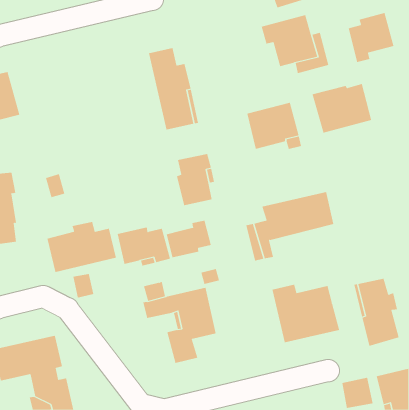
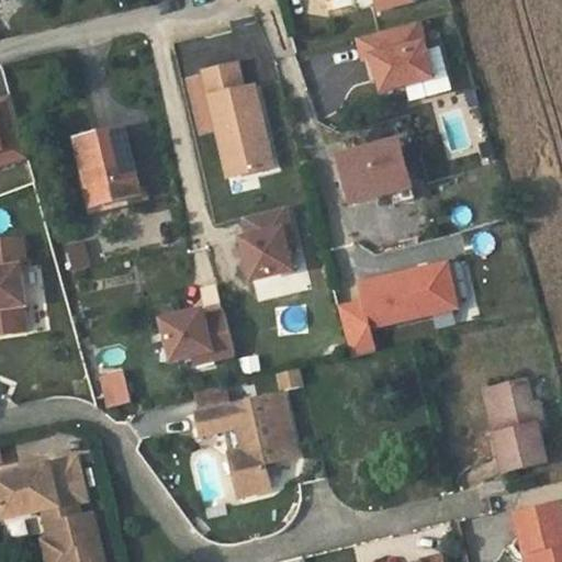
building: [348,12,394,63] -> none
building: [312,83,372,134] -> none
building: none -> [77,131,137,206]
building: [166,220,211,258] -> none
building: [47,221,116,273] -> none
building: [272,284,340,343] -> none

